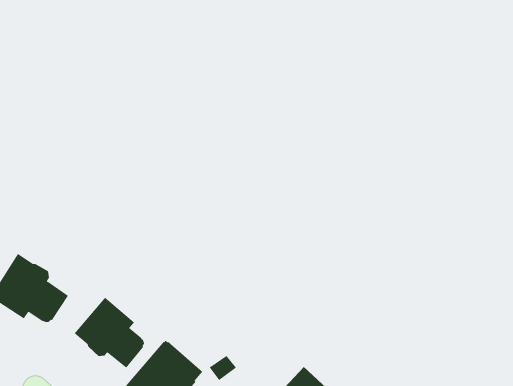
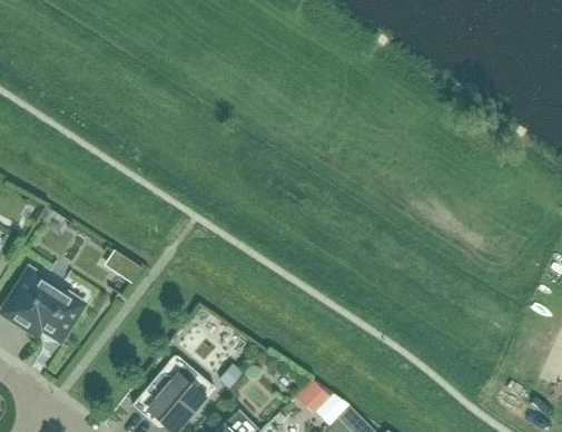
building: [74,297,145,369] -> none

